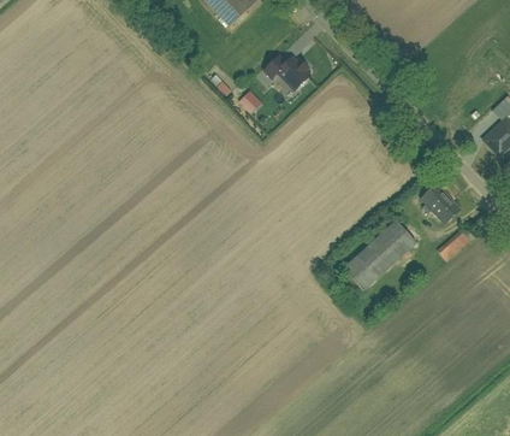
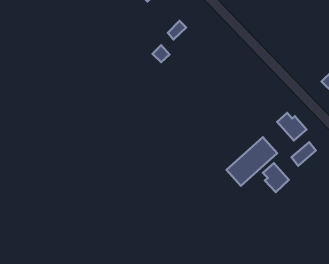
building: [278,58,312,92] -> none
building: none -> [263,163,289,192]

